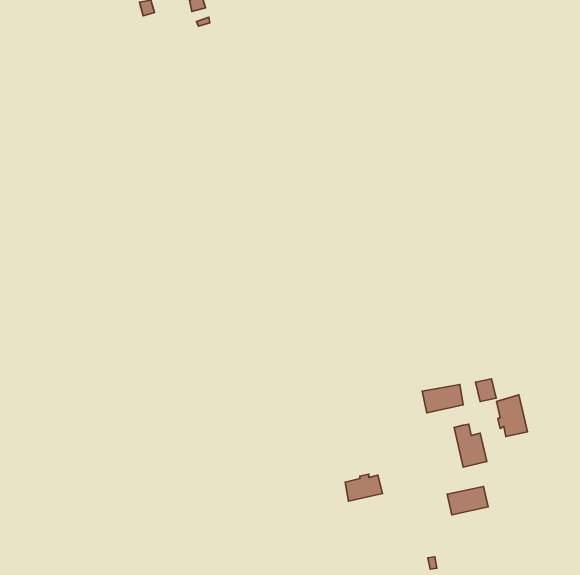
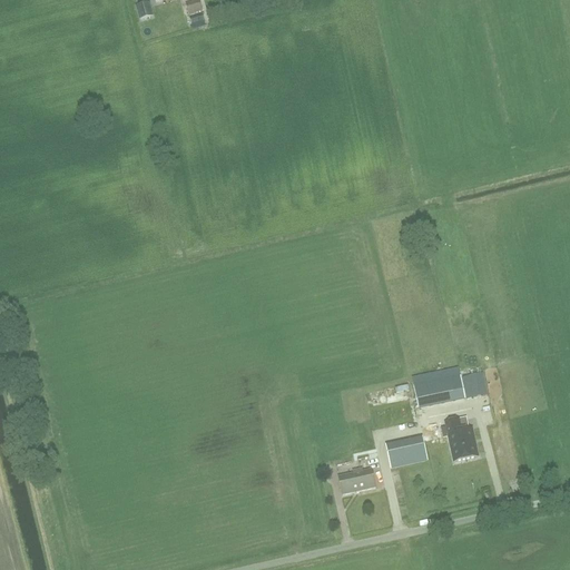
building: [496,395,528,437] -> none
building: [447,486,488,515] -> [386,436,426,464]

